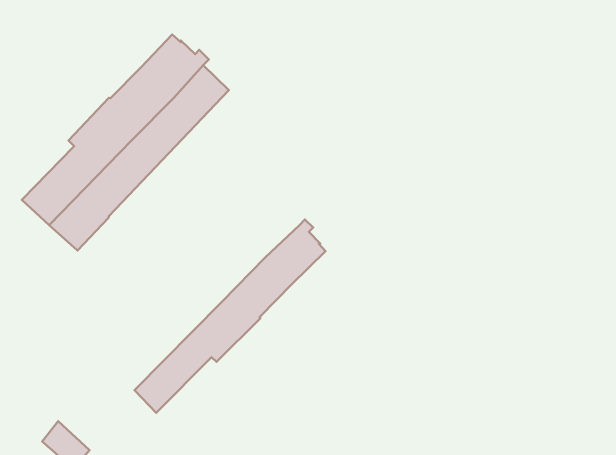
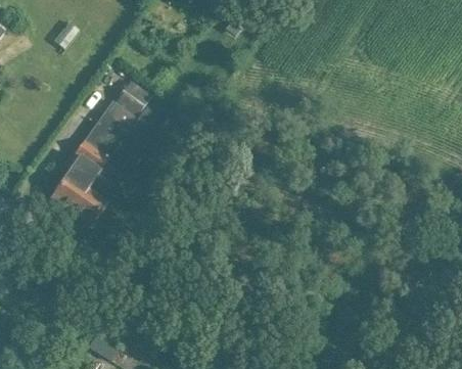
building: [135,219,325,413] -> none

